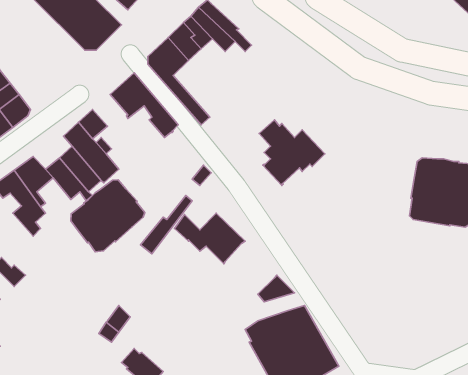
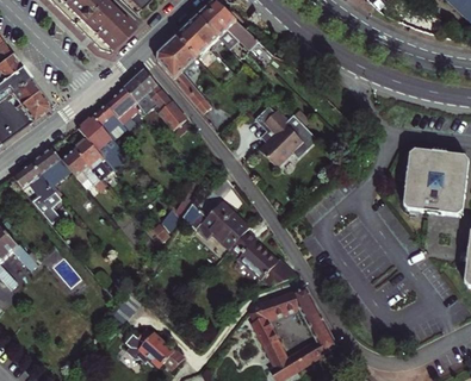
building: none -> [105,89,138,120]
building: [71,180,145,252] -> none
building: none -> [230,230,277,279]

